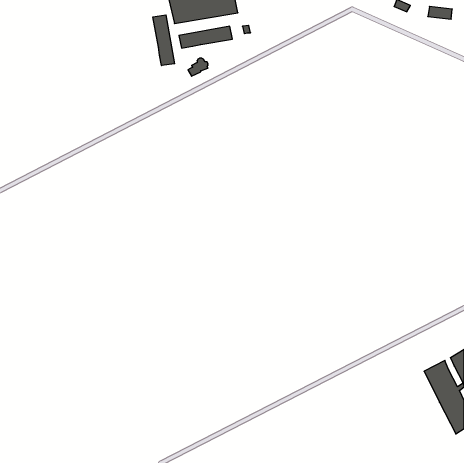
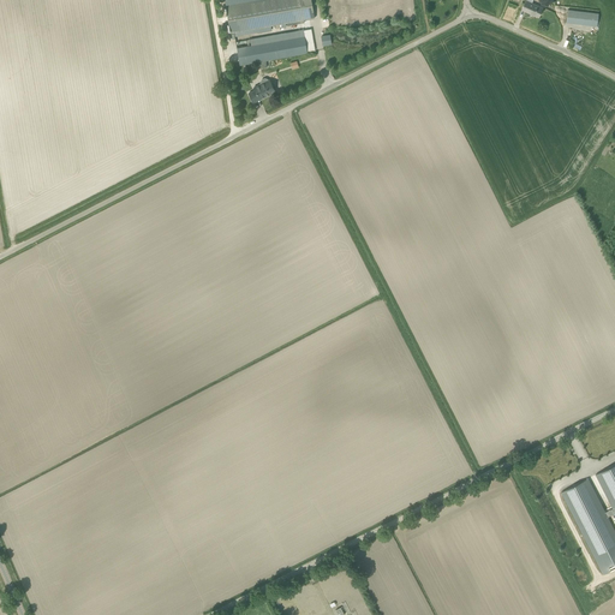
building: [153,15,175,66] -> none

